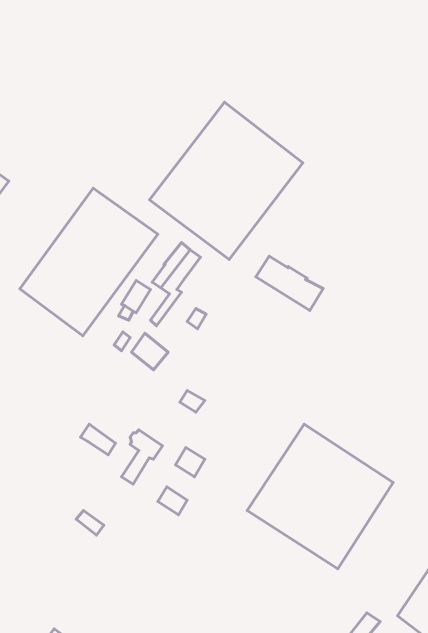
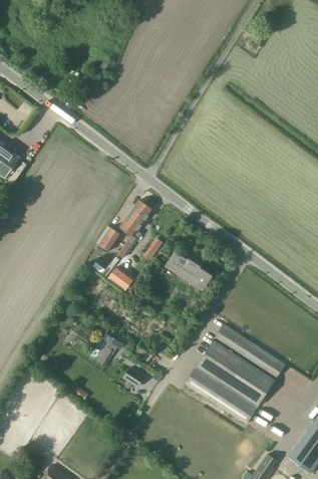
building: [149,102,303,260] -> none
building: [20,188,158,336] -> none
building: [256,256,323,310] -> [167,252,213,289]

